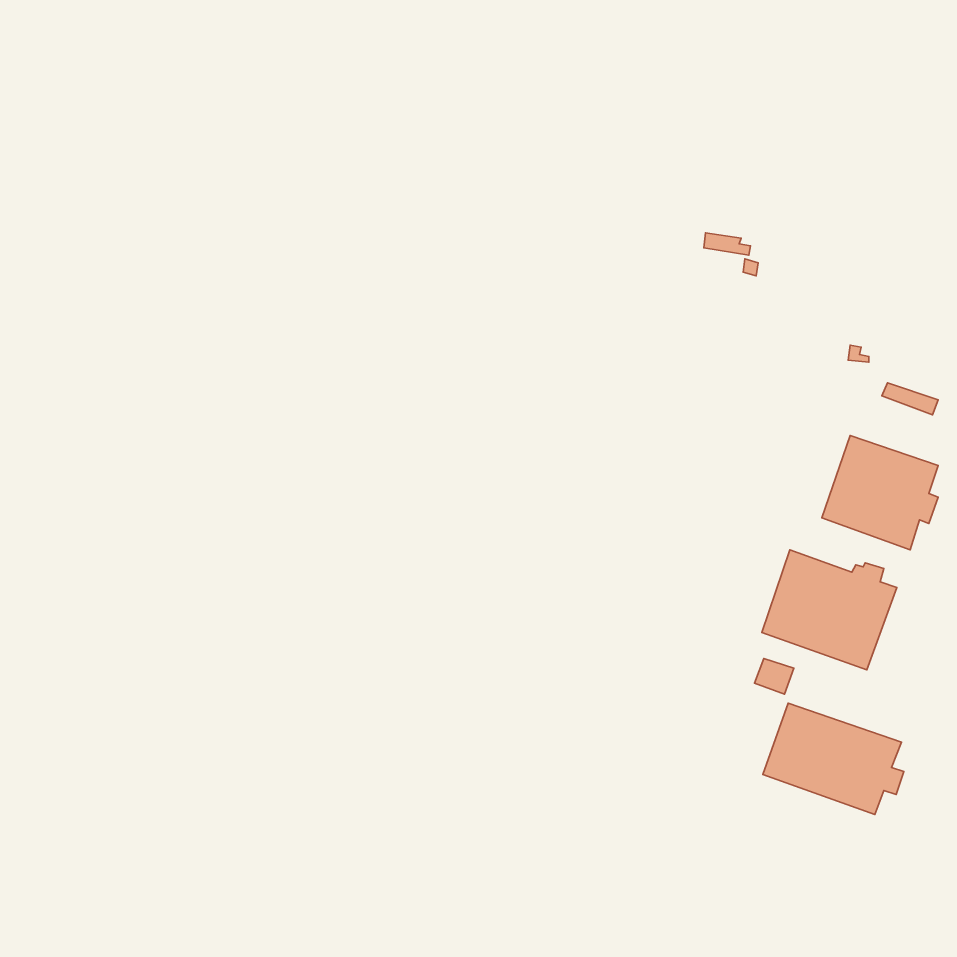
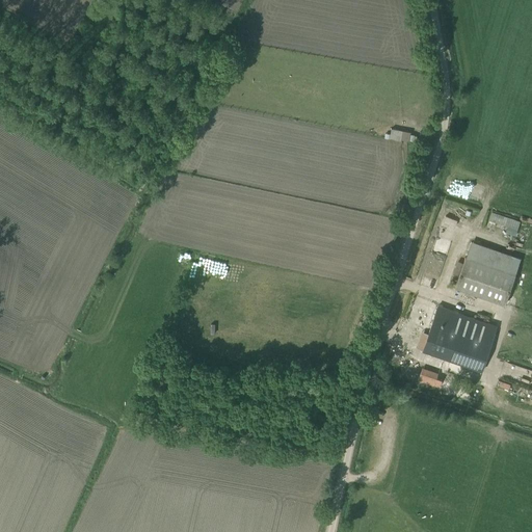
building: [763,703,904,815] -> none

